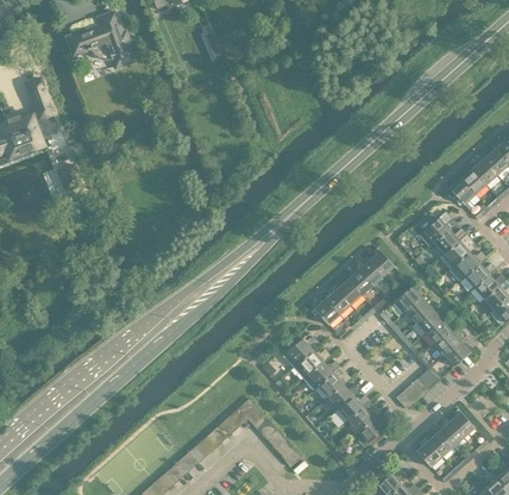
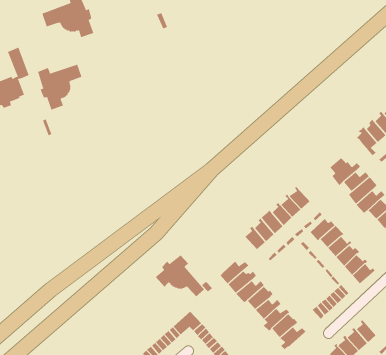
building: none -> [37,64,82,111]
building: none -> [155,254,205,297]

